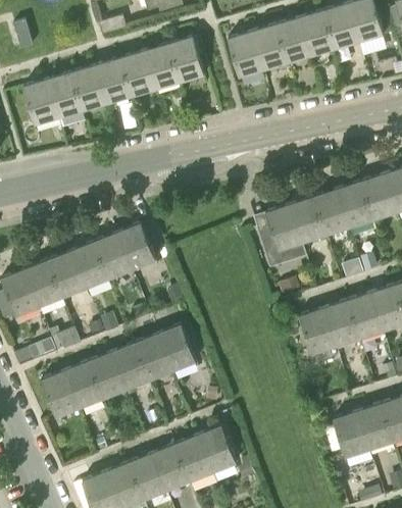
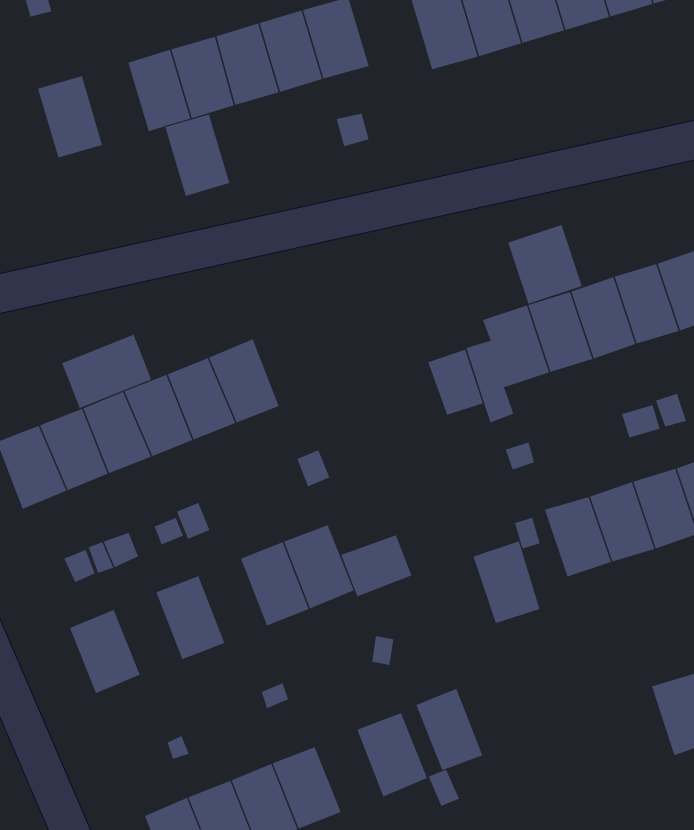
building: [48,73,84,118] -> [165,114,230,196]
building: none -> [507,224,583,305]
building: none -> [61,334,152,409]
building: none -> [427,349,483,416]
building: none -> [340,534,412,597]
building: none -> [473,540,540,624]
building: [111,343,148,389] -> none
building: [65,361,102,406] -> none
building: [333,412,369,457] -> none
building: [174,436,211,480] -> [415,688,483,771]

